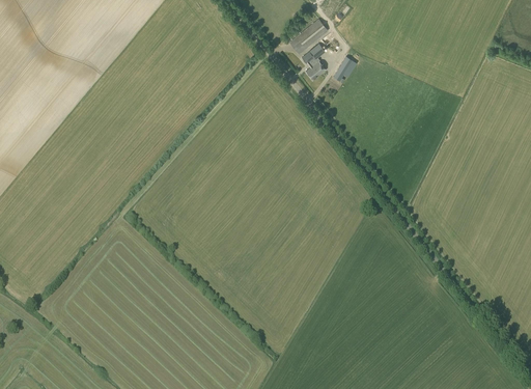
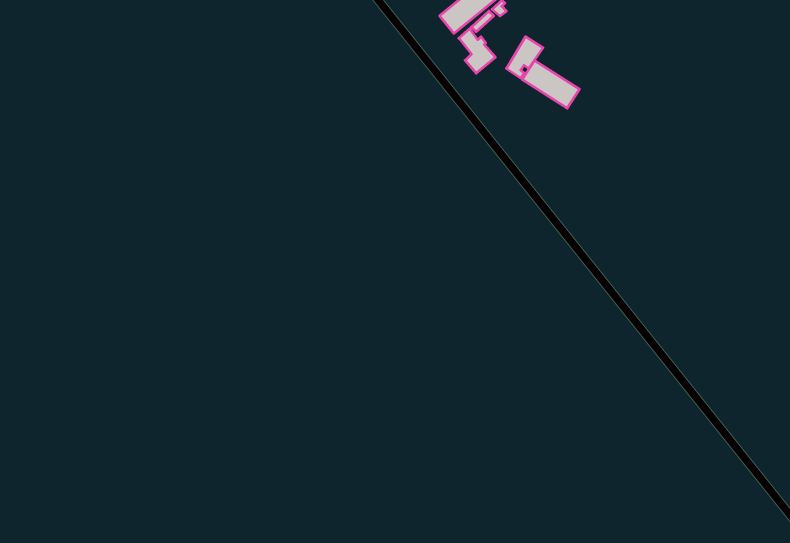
building: none -> [522,60,579,108]

